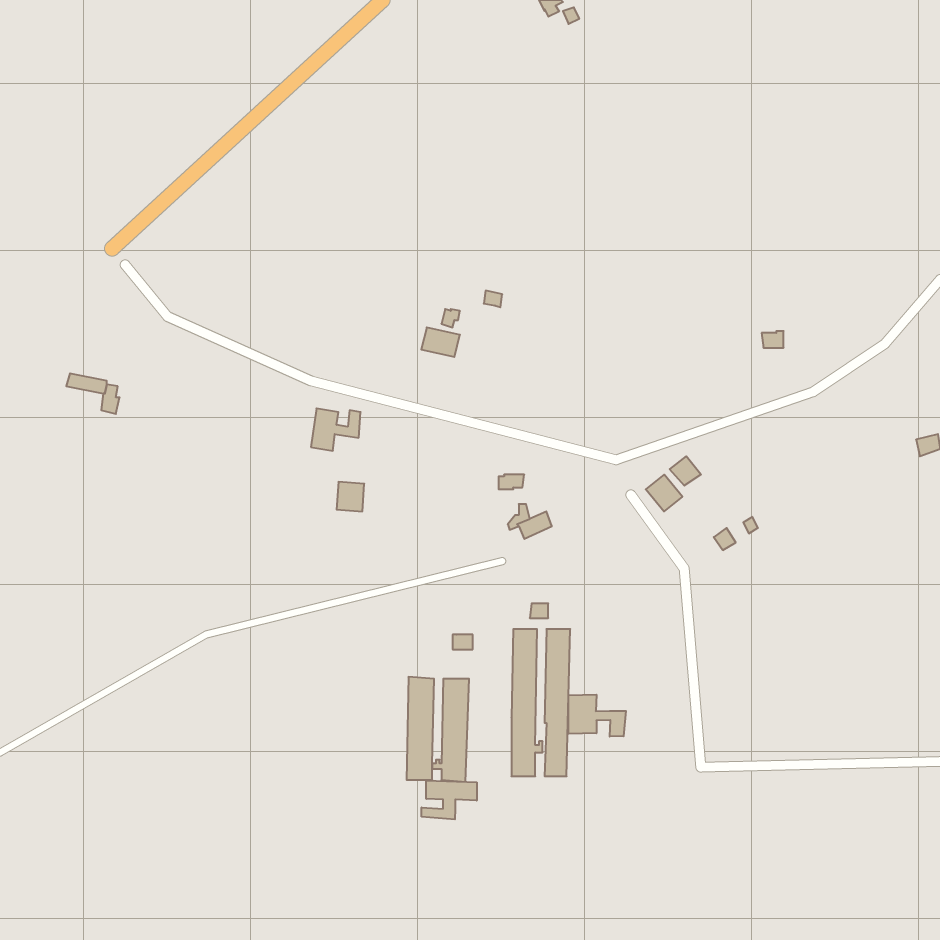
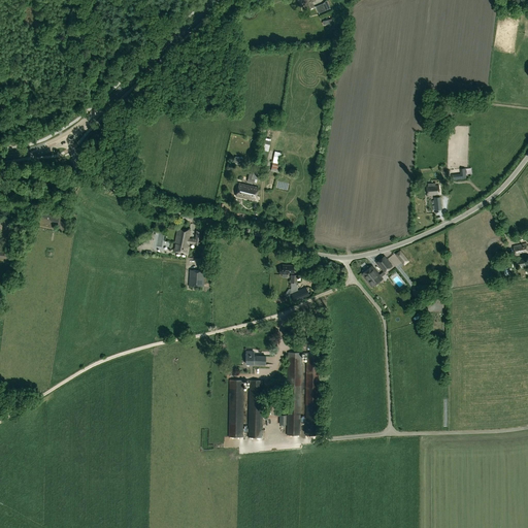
building: [569,695,626,737] -> none
building: [422,780,477,819] -> none

